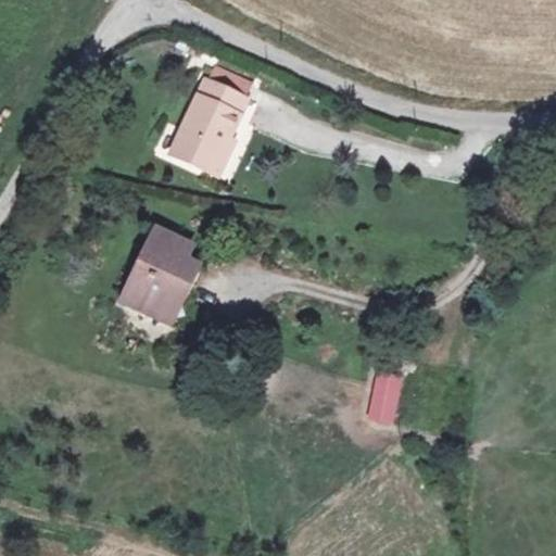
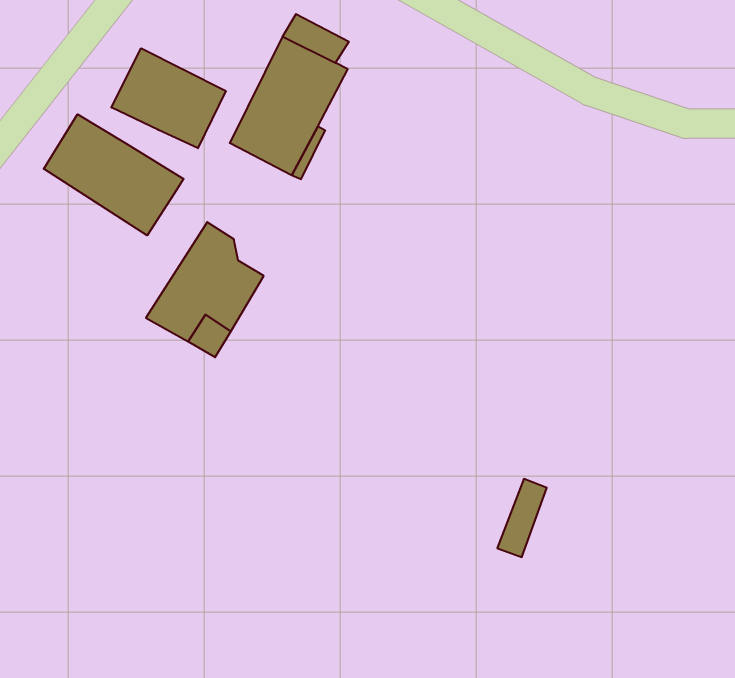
building: none -> [111,48,226,148]
building: none -> [44,114,184,235]

